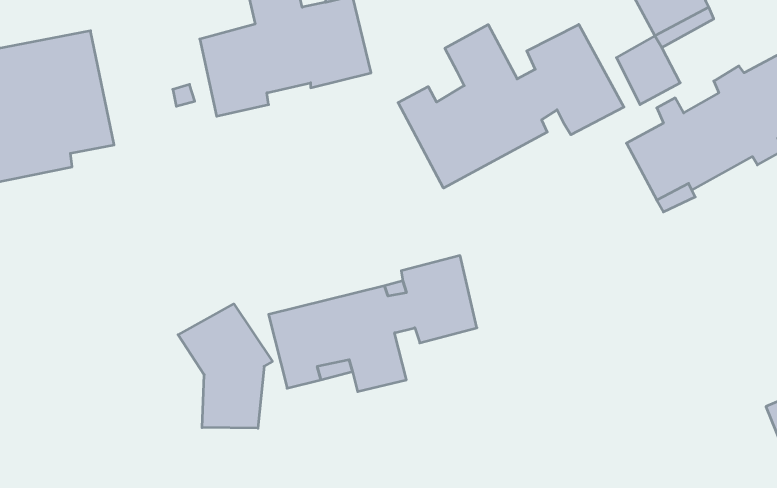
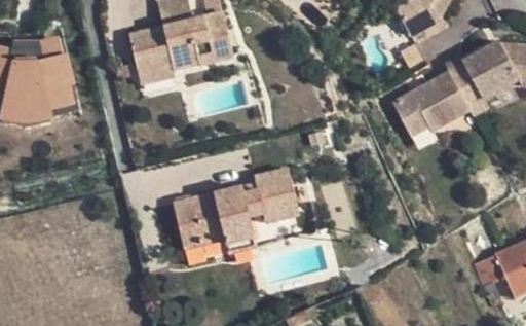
building: [398,24,624,188] -> none
building: [178,304,272,428] -> none

